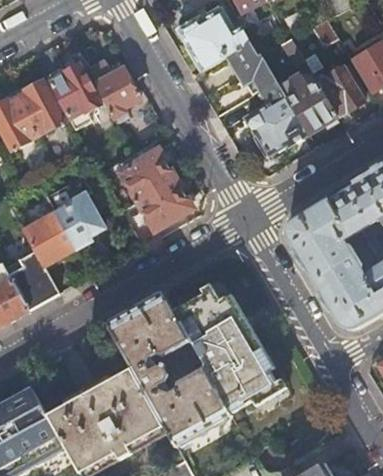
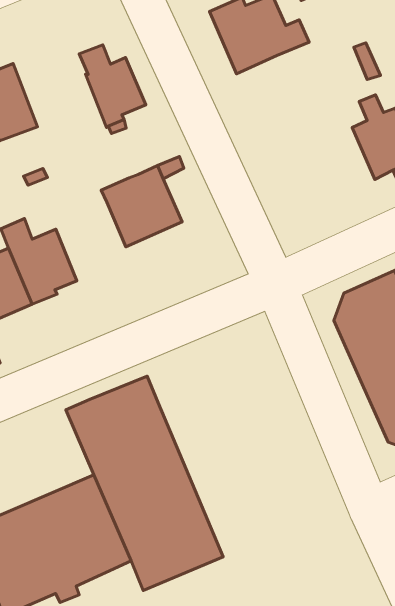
building: [229,43,308,155] -> none
building: [36,48,100,132] -> none
building: [137,180,192,231] -> none
building: [172,290,279,414] -> none

